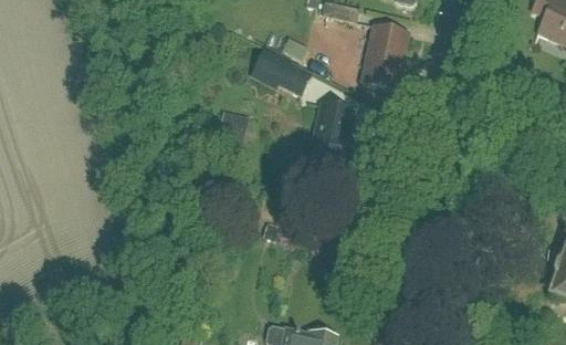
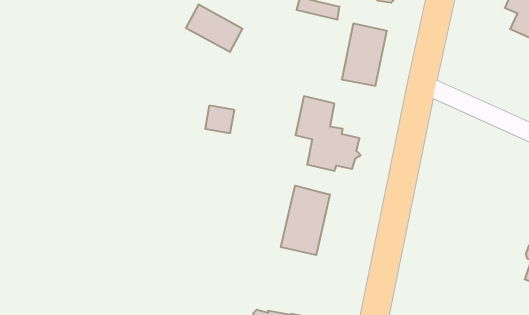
building: [252,48,312,97] -> [186,5,243,52]
building: none -> [281,186,330,255]

